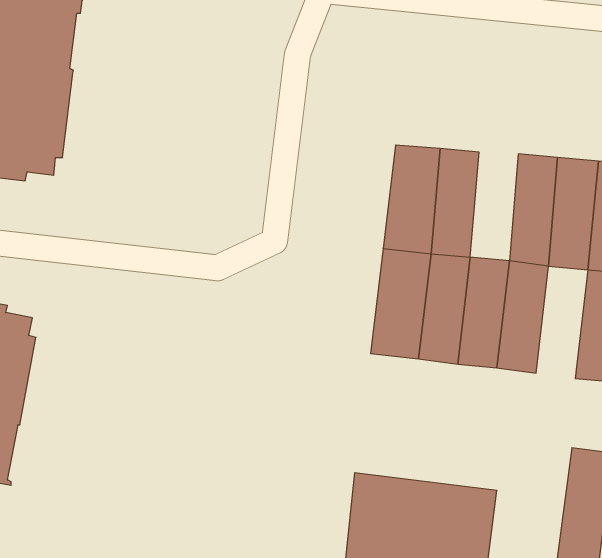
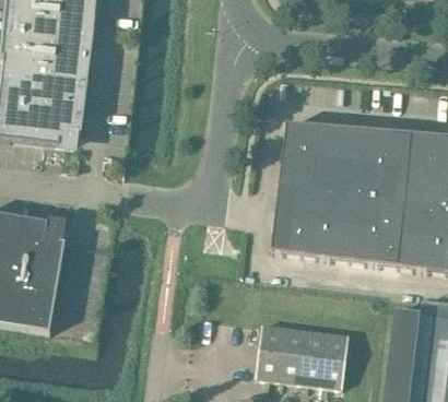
building: none -> [333,126,363,192]
building: none -> [374,196,405,264]

